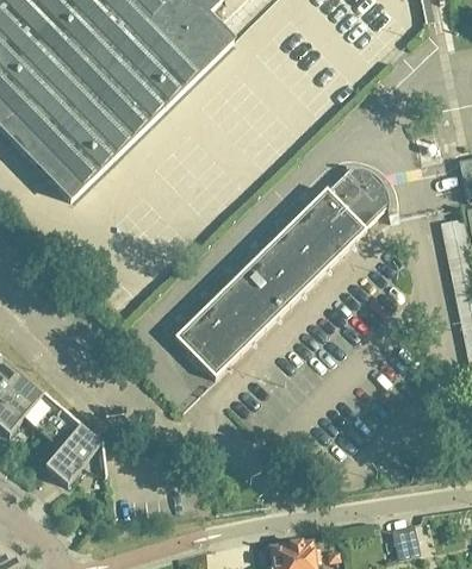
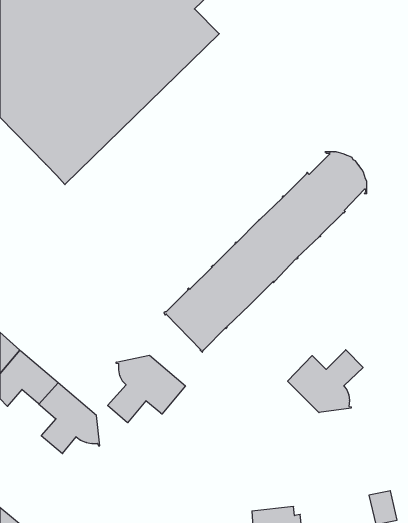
building: none -> [288,350,363,413]
building: none -> [108,355,185,423]

